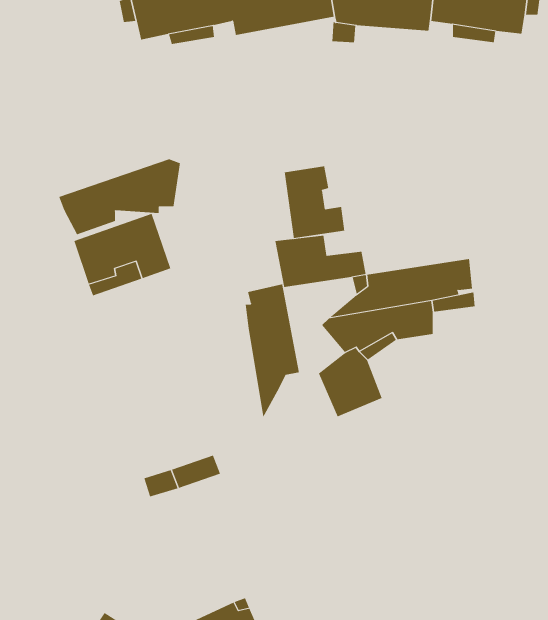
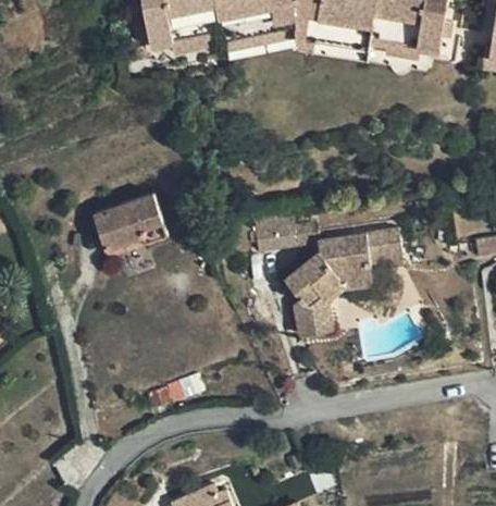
building: [59,159,180,235] -> none
building: [284,165,345,239] -> none
building: [245,284,299,418] -> none

